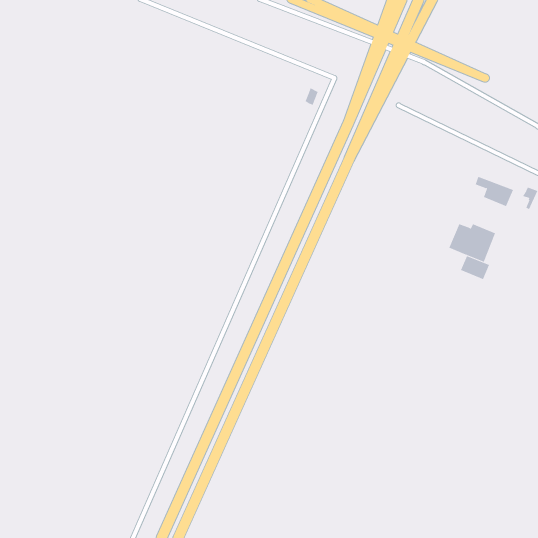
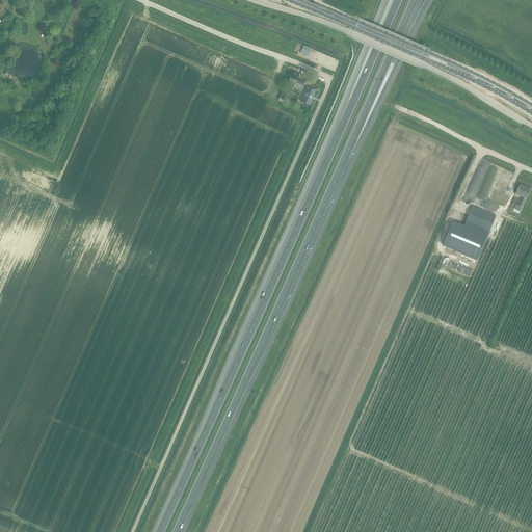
building: [460,255,490,280] -> [466,206,495,230]

